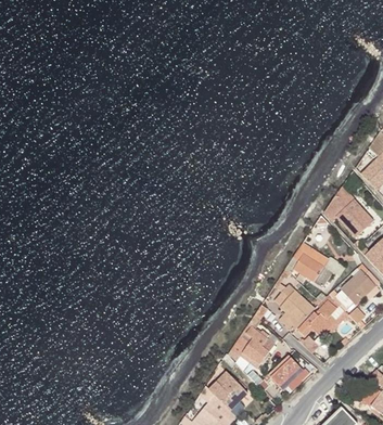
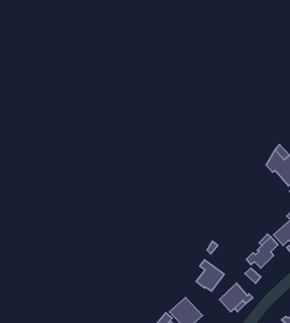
building: [293,244,332,287] -> none
building: [277,285,315,331] -> none

